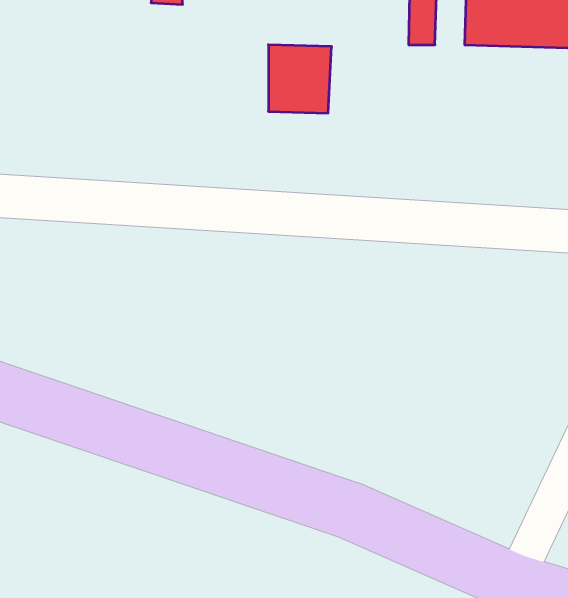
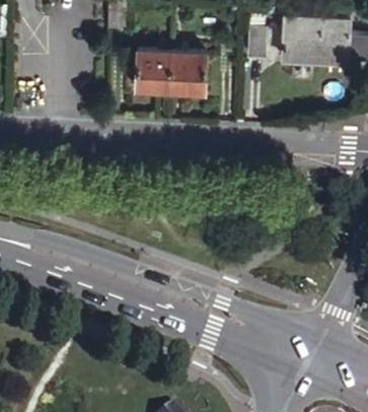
building: none -> [139,53,172,92]

